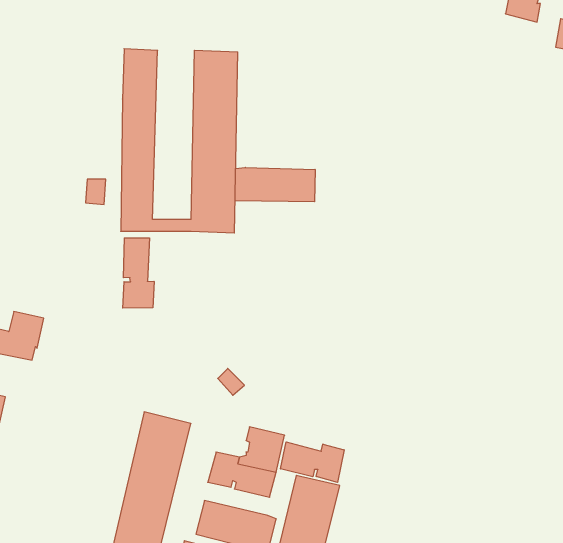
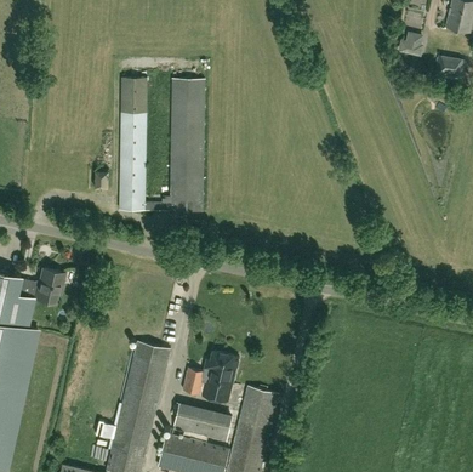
building: [235,167,315,202] -> none
building: [123,238,154,308] -> none
building: [281,442,344,482] -> none

